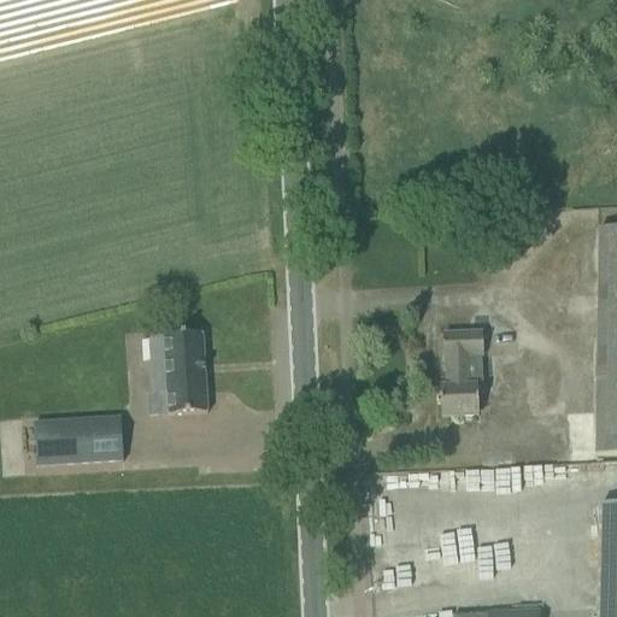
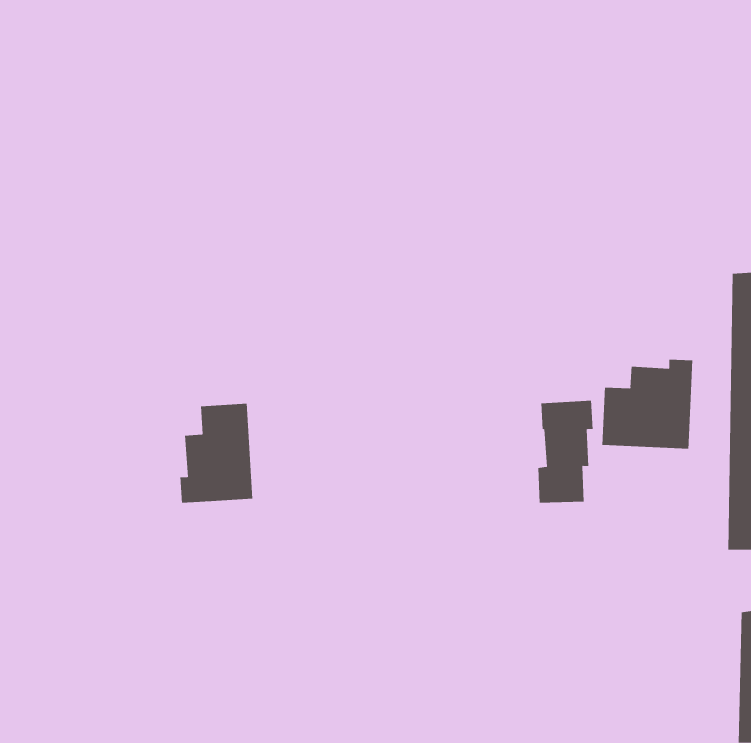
building: none -> [602,359,693,449]
building: [35,415,124,463] -> none

